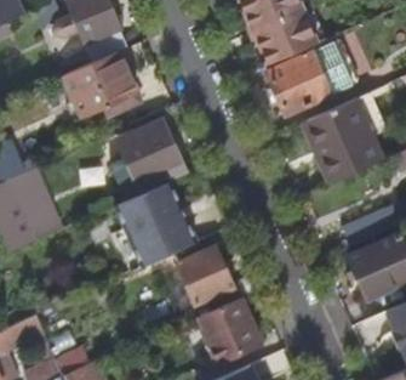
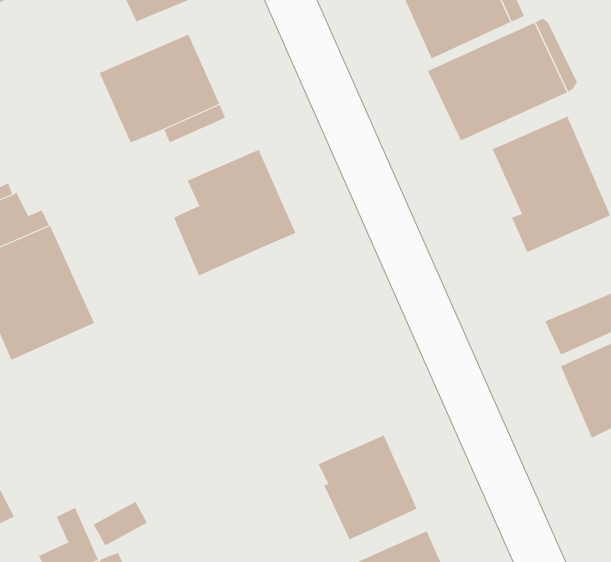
building: [115,181,196,272] -> none
building: [177,248,257,312] -> none

